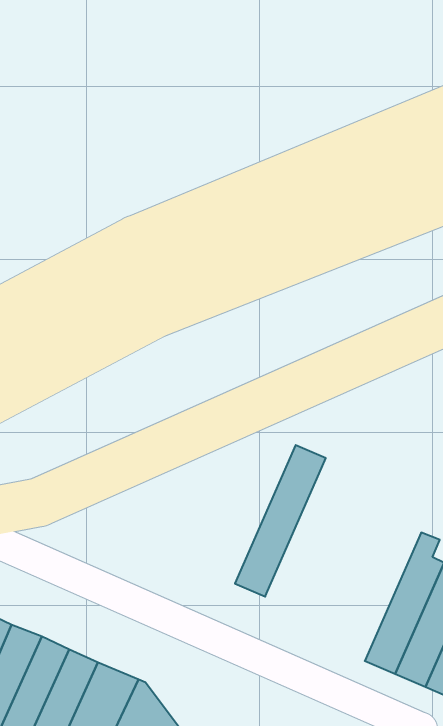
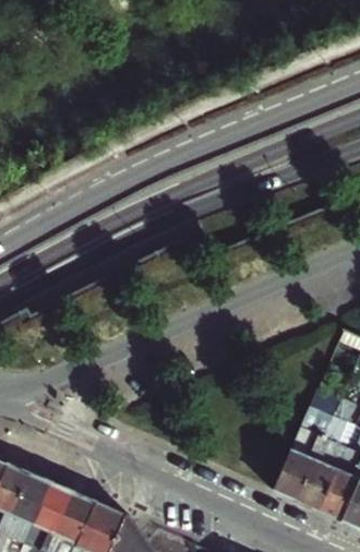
building: [235,445,326,597] -> [274,386,343,501]

